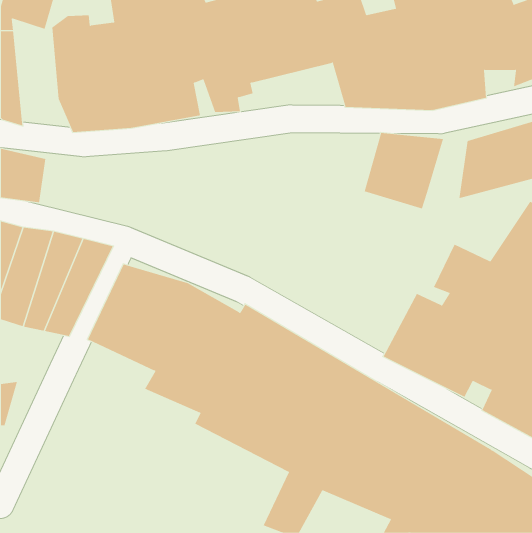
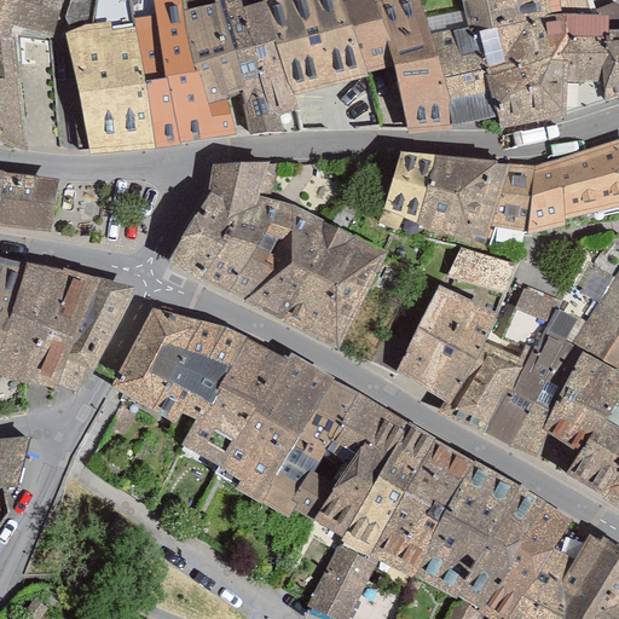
building: none -> [386,147,444,225]
building: none -> [498,160,543,228]
building: none -> [168,161,381,347]
building: none -> [394,247,513,404]

